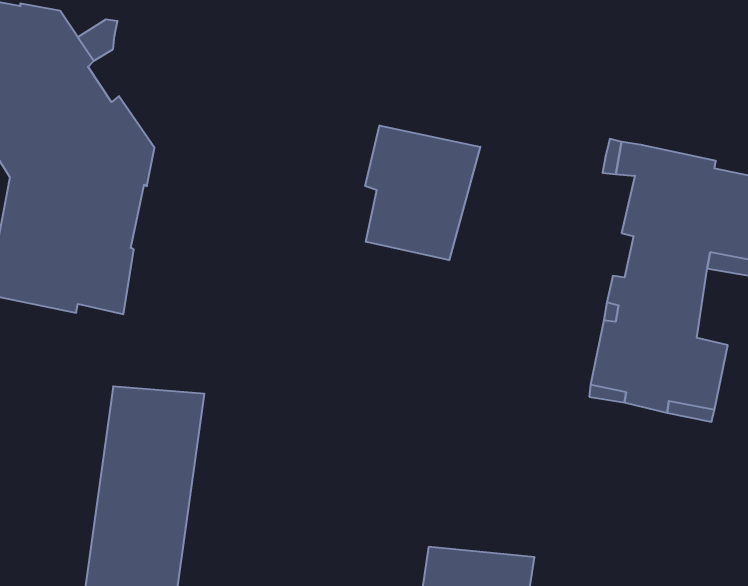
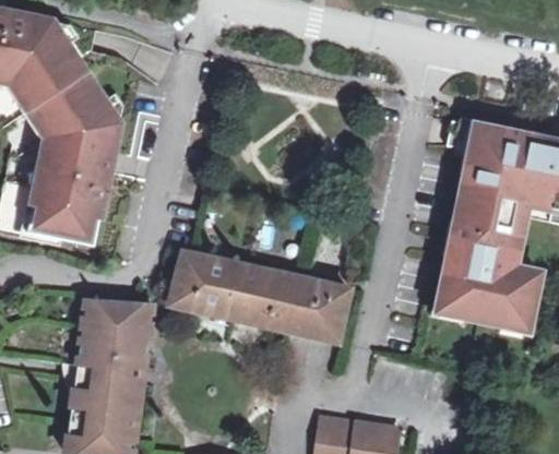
building: [365,125,480,260] -> none
building: none -> [169,249,348,340]

